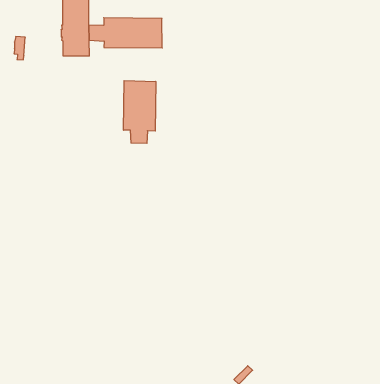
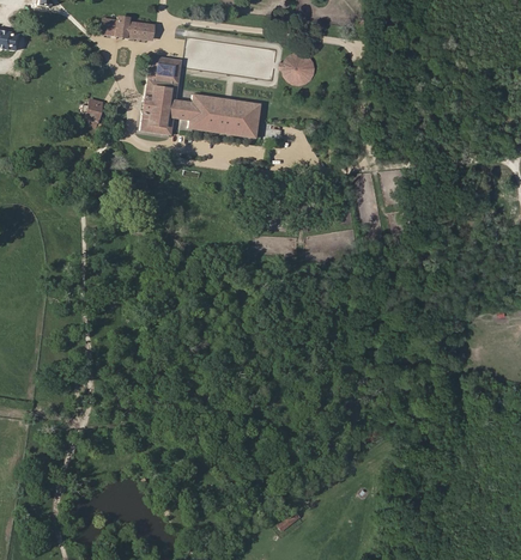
building: [124,81,156,143] -> none

